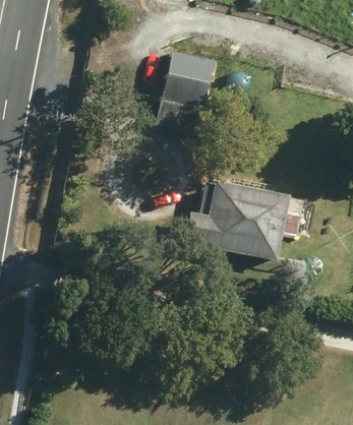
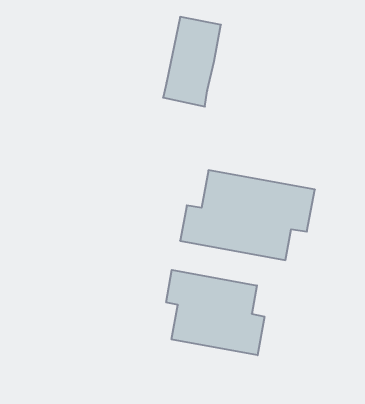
building: none -> [166,270,264,355]

